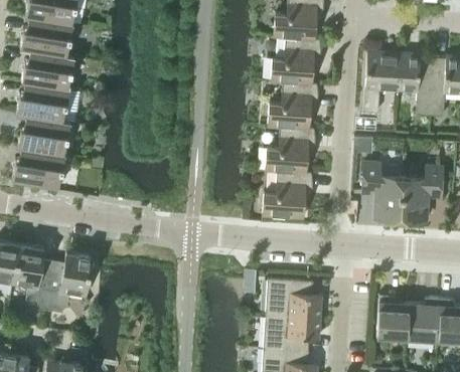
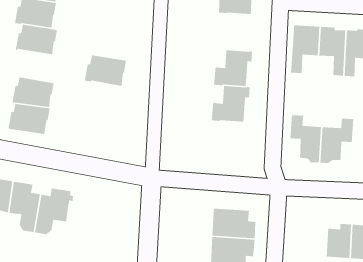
building: [271,37,320,84] -> none
building: [16,82,70,124] -> [84,55,128,88]
building: [263,171,311,218] -> none
building: [376,296,410,340] -> none

